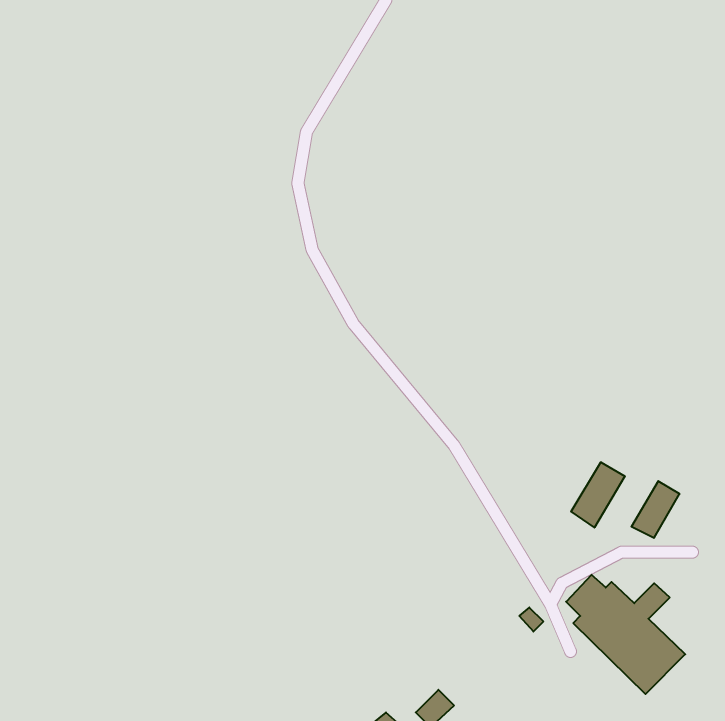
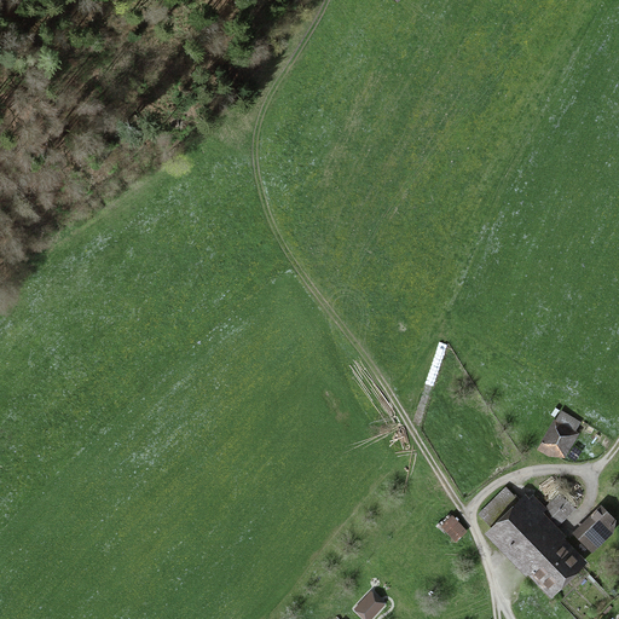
building: [571,462,625,528] -> none
building: none -> [577,511,612,545]

